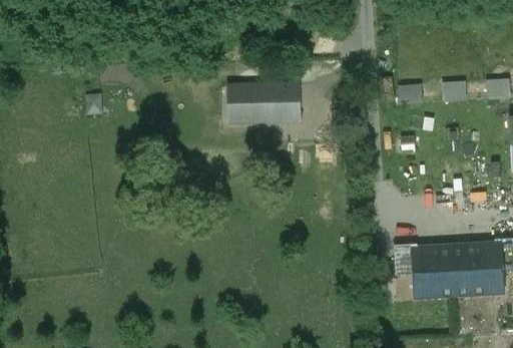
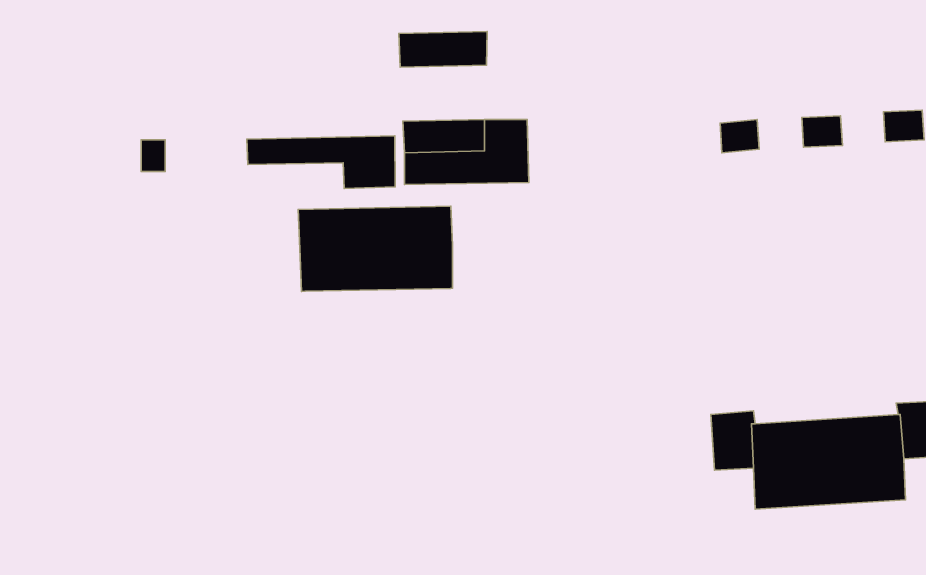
building: none -> [399,32,487,67]
building: none -> [247,136,395,188]
building: none -> [298,206,452,292]

